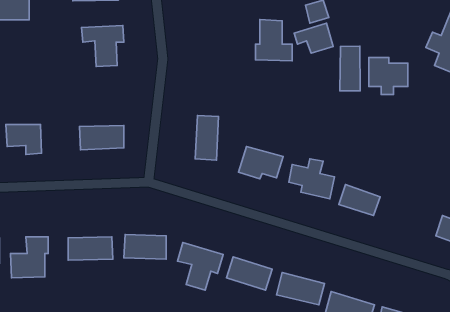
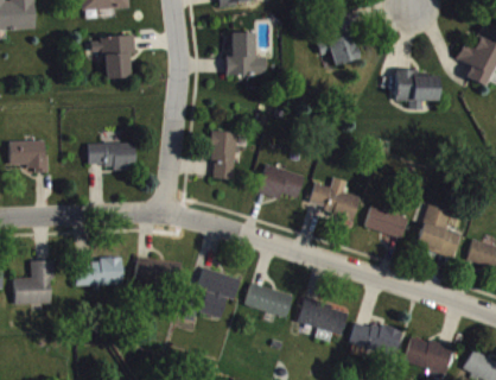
building: [255,20,292,61] -> [227,32,266,76]
building: [340,46,360,91] -> none
building: none -> [418,205,460,255]

